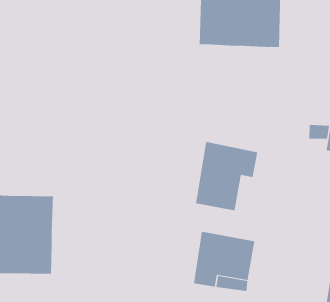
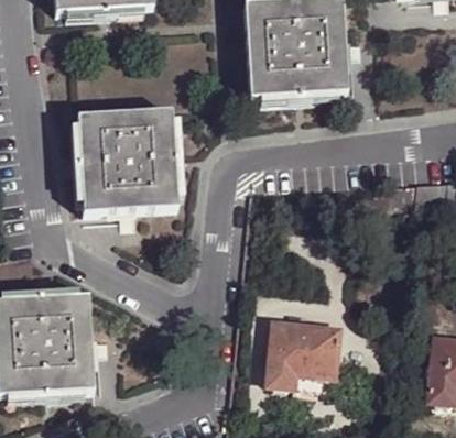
building: none -> [77,107,178,210]
building: [195,141,258,211] -> none

